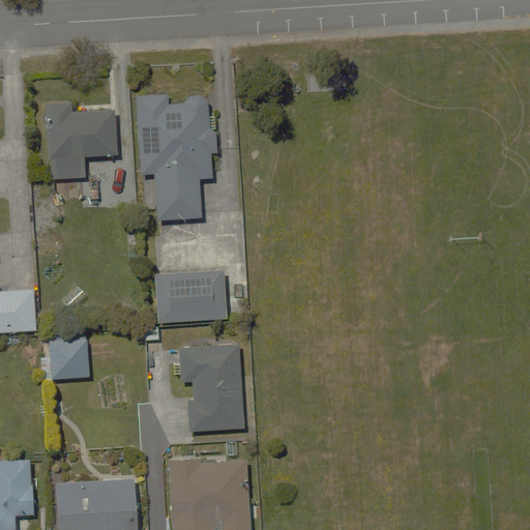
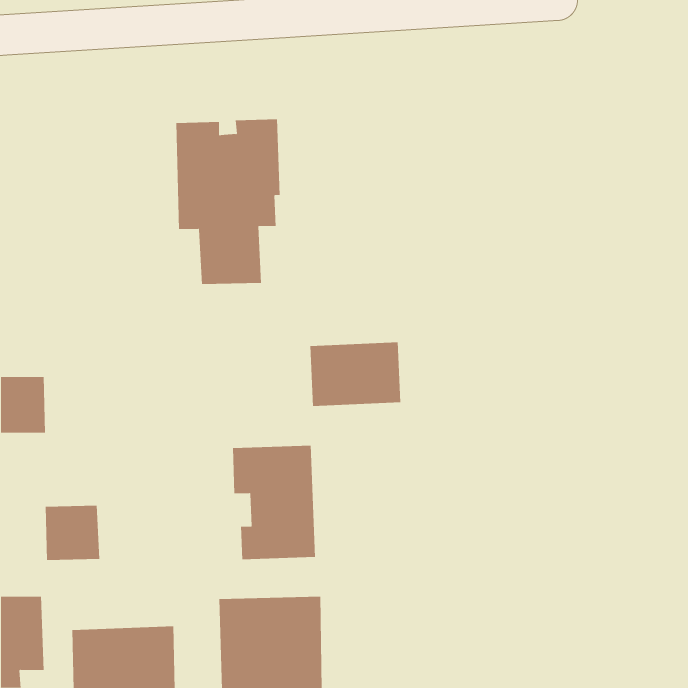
building: [47,105,116,182] -> none
building: [155,270,226,320] -> [310,342,401,407]
building: [48,340,90,382] -> [45,505,100,561]

